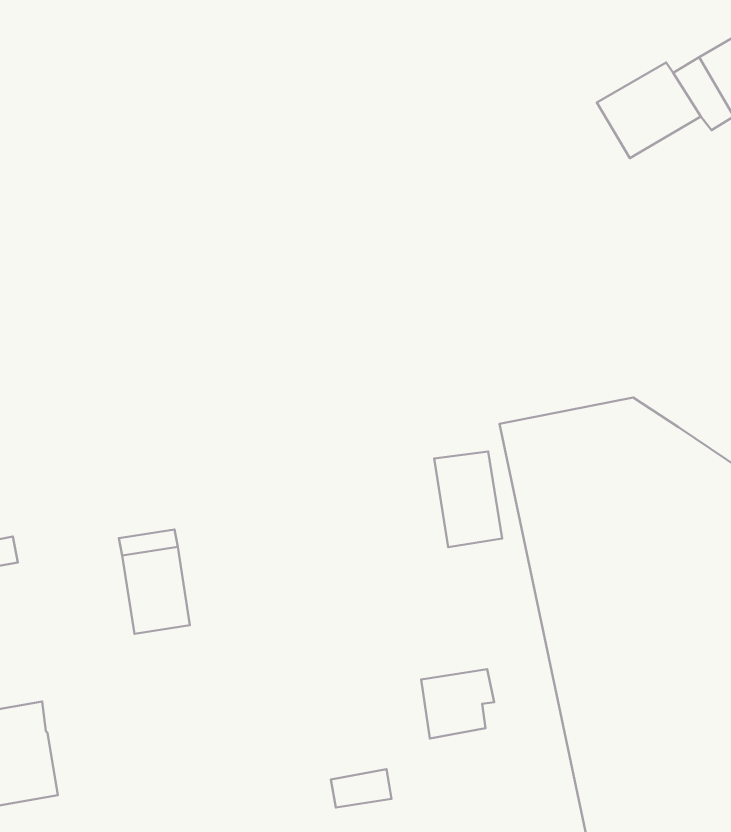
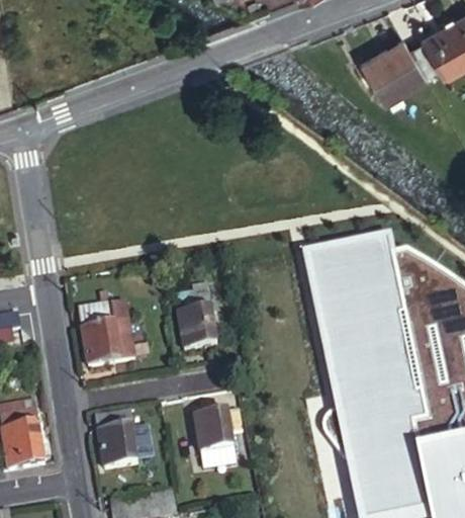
building: [434,452,502,547] -> [179,303,218,358]
building: [421,669,494,739] -> [200,418,243,458]
building: none -> [100,420,140,474]

